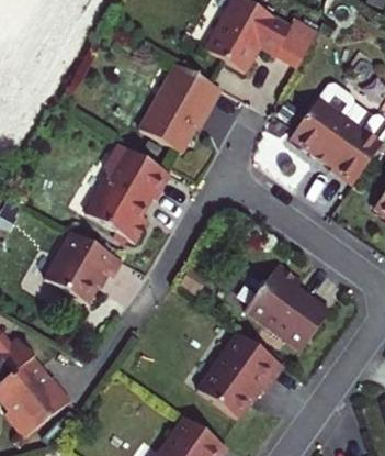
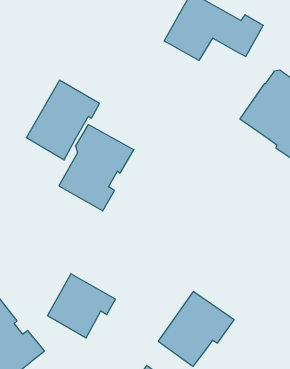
building: [138,63,220,153] -> [26,80,99,160]
building: [44,231,121,303] -> [47,274,115,338]
building: [244,263,329,349] -> none

